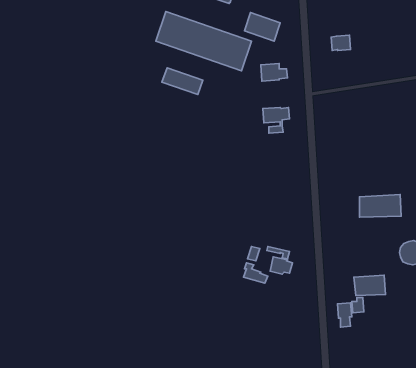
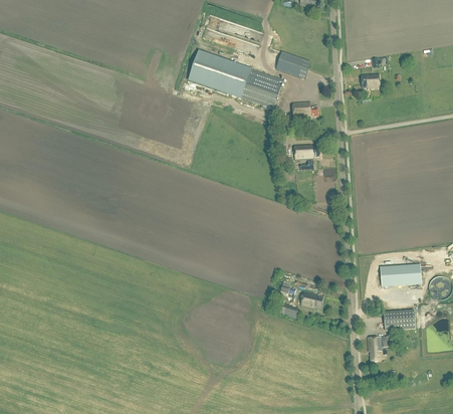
building: [162,68,203,95] -> none
building: [359,195,401,217] -> [381,264,422,286]

